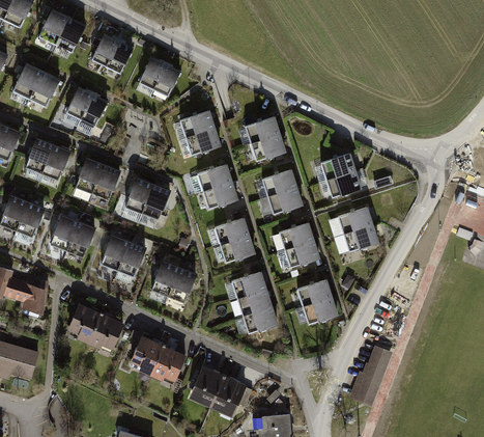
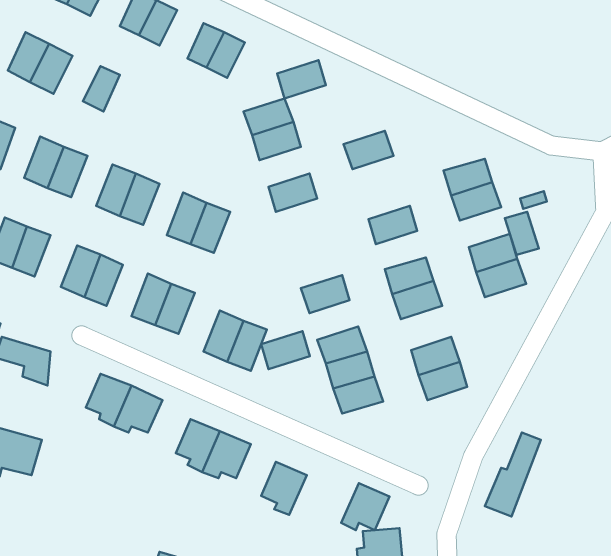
building: [81,94,107,127] -> none
building: [245,116,279,143] -> [277,60,326,98]
building: [262,170,296,196] -> none
building: [202,182,237,209] -> none
building: none -> [505,212,539,255]
building: [215,218,249,245] -> [261,331,310,369]
building: [211,377,246,410] -> [341,483,390,530]

